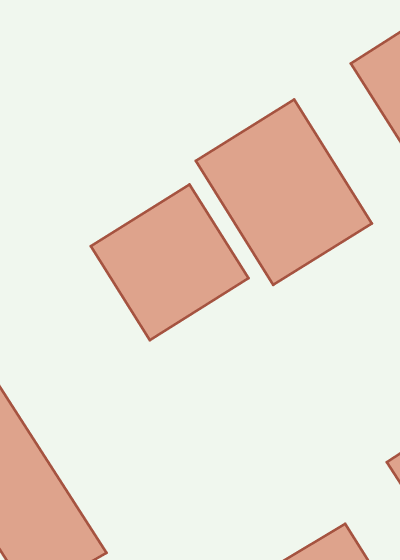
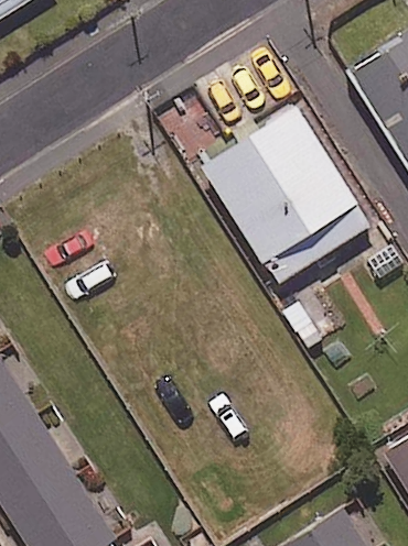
building: [91,184,248,340] -> none

